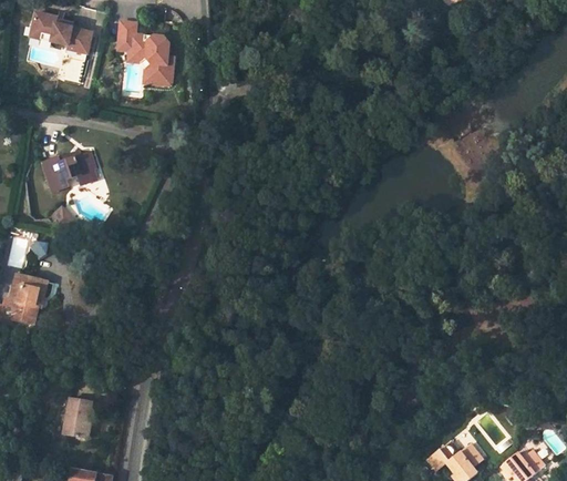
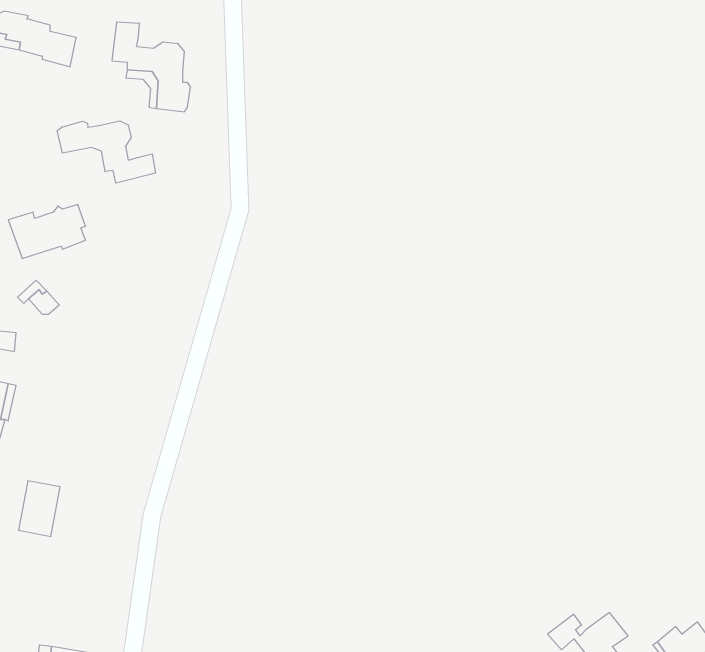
building: none -> [57,121,156,183]
building: [61,397,91,437] -> [18,481,60,536]

